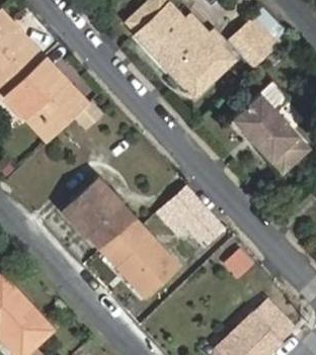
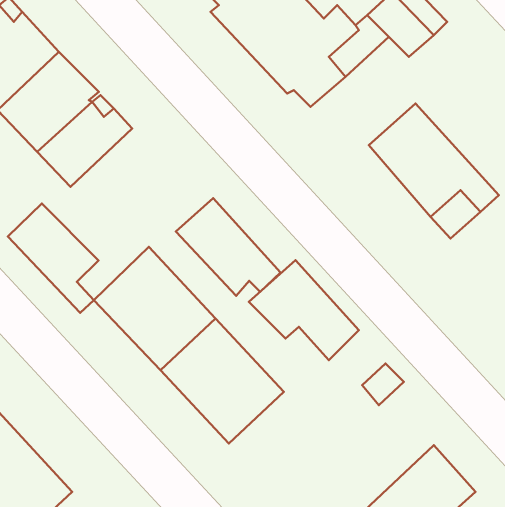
building: none -> [176,198,280,296]
building: none -> [8,204,98,313]

